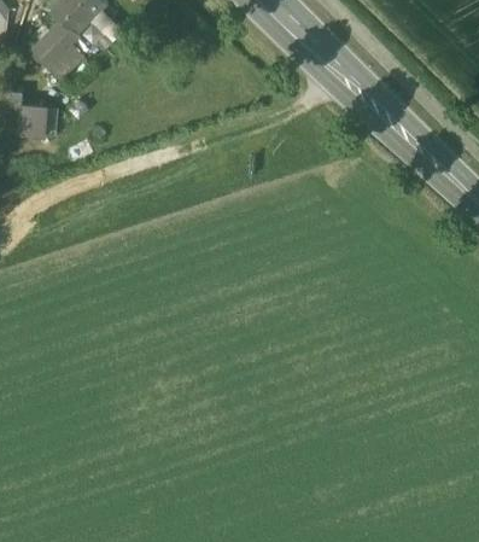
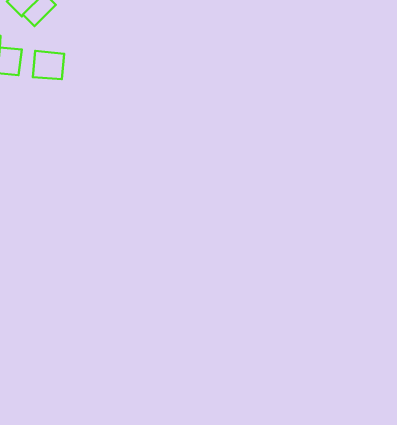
building: none -> [33,51,64,79]

